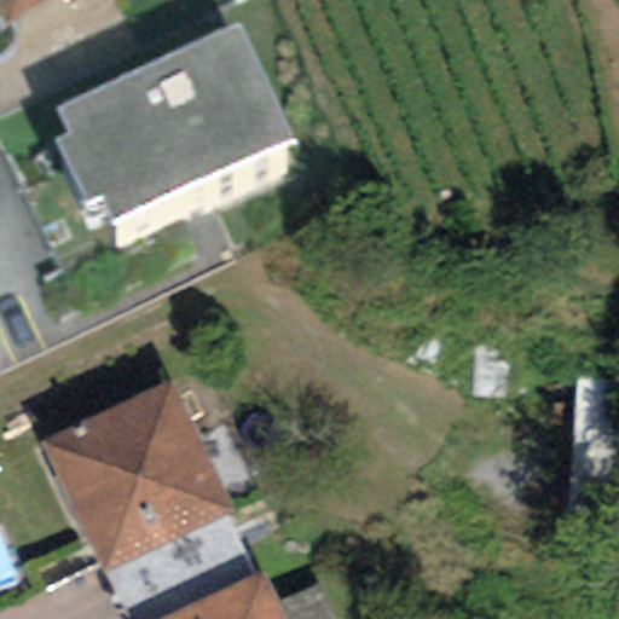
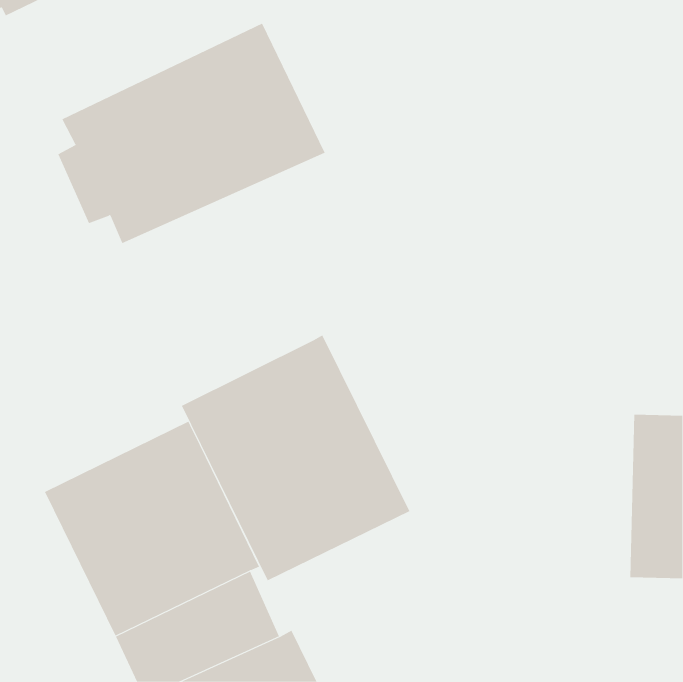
building: none -> [181,334,410,581]

